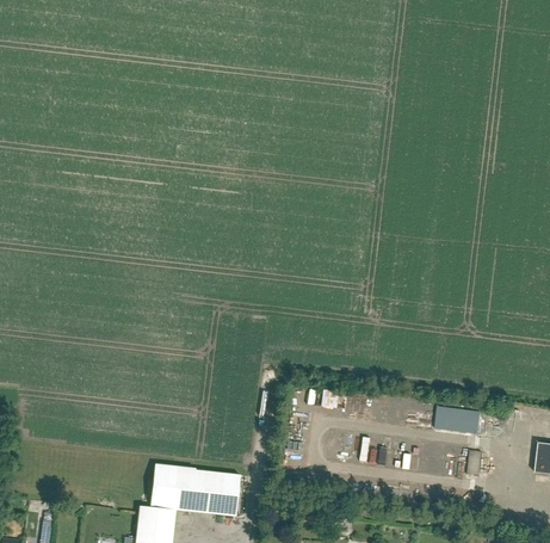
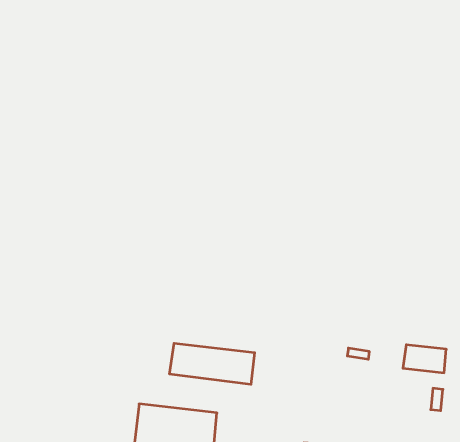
building: none -> [170,343,255,384]

